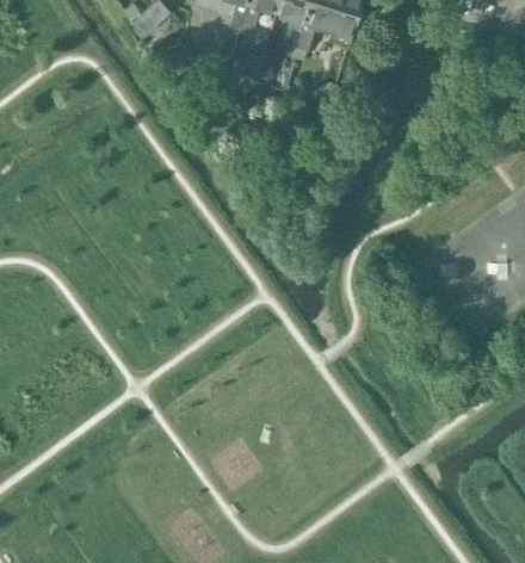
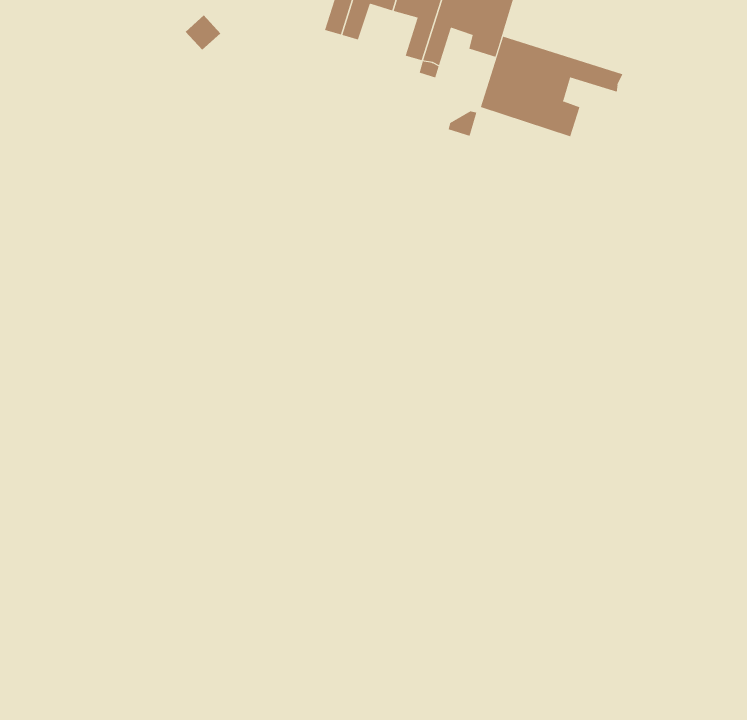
building: none -> [480,36,623,137]

